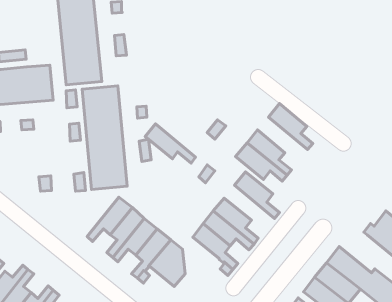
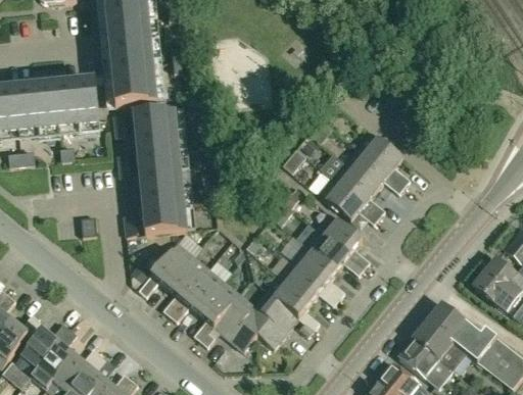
building: none -> [343,146,403,192]
building: [145,124,195,163] -> [303,228,364,275]
building: none -> [253,290,297,347]

